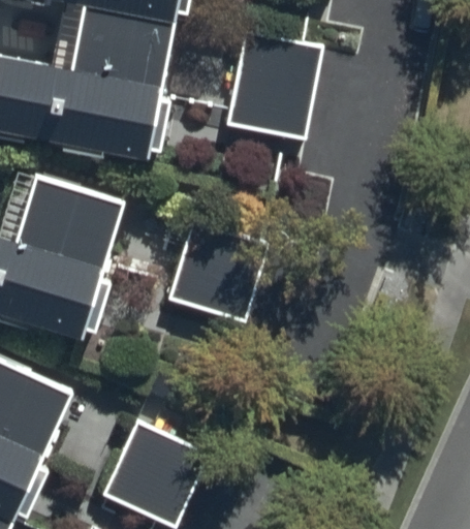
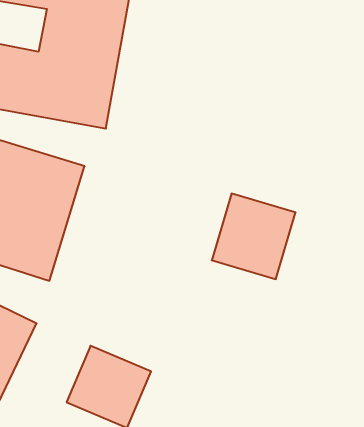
building: [225,34,323,141] -> none
building: [168,217,270,320] -> [212,194,296,279]

